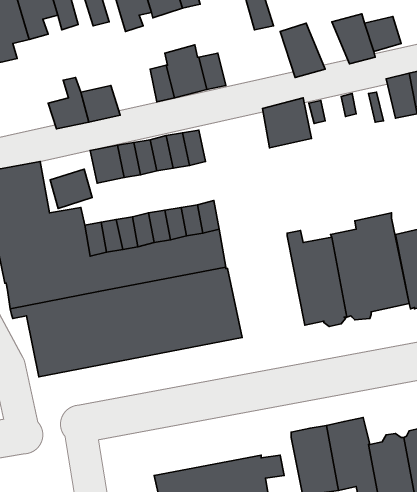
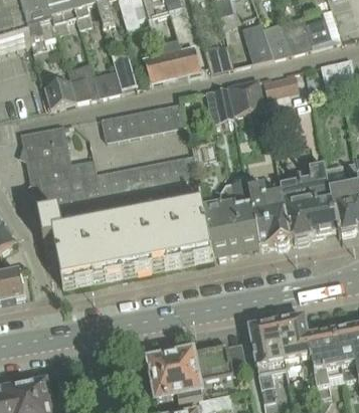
building: none -> [262,21,293,56]
building: none -> [203,43,234,72]
building: none -> [111,49,137,90]
building: none -> [205,85,234,122]
building: [50,169,92,208] -> [44,79,75,109]
building: none -> [202,180,259,258]

